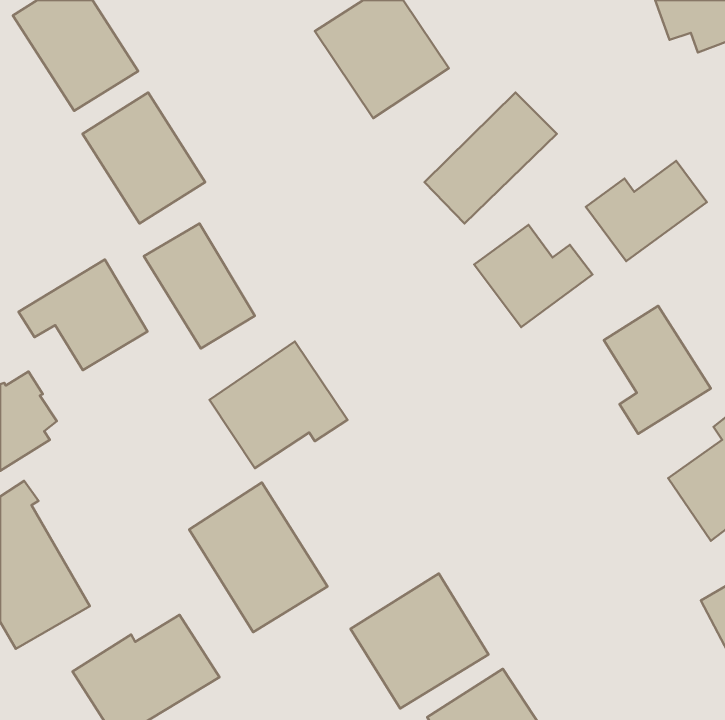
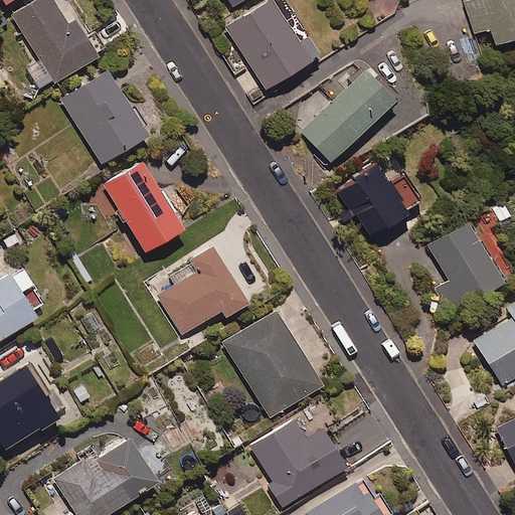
building: [586,161,707,261] -> none
building: [19,260,147,370] -> none
building: [189,483,327,632] -> [224,312,322,417]

